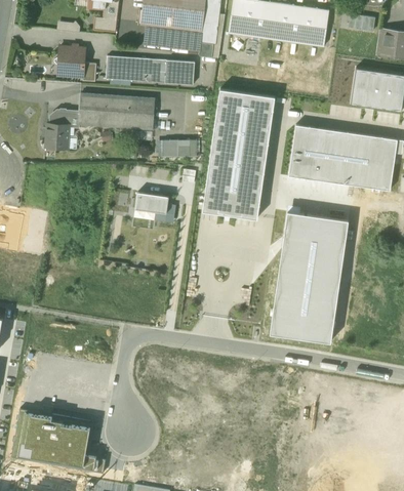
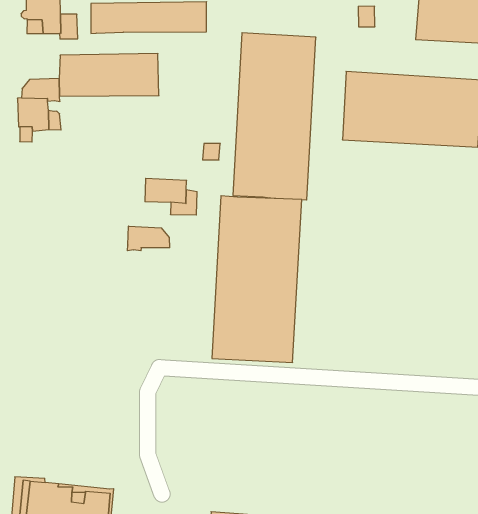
building: [161,140,197,158] -> none
building: [270,212,348,342] -> [212,196,302,362]
building: none -> [127,226,170,251]

